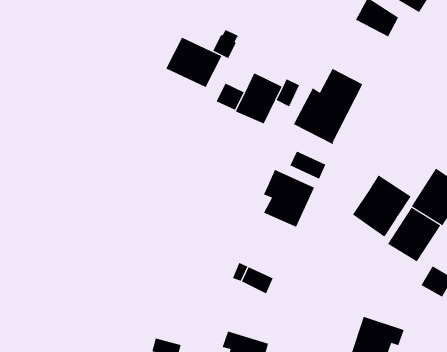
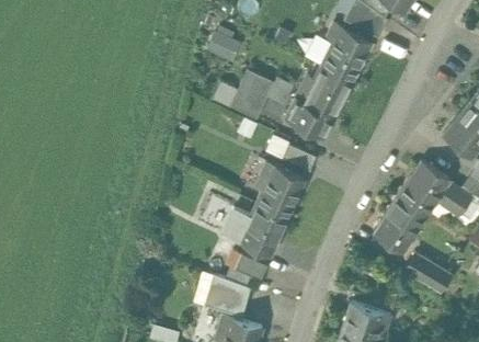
building: none -> [322,24,373,81]
building: [166,37,222,88] -> none
building: [352,174,412,237] -> none
building: none -> [221,204,288,256]
building: none -> [204,275,250,318]

